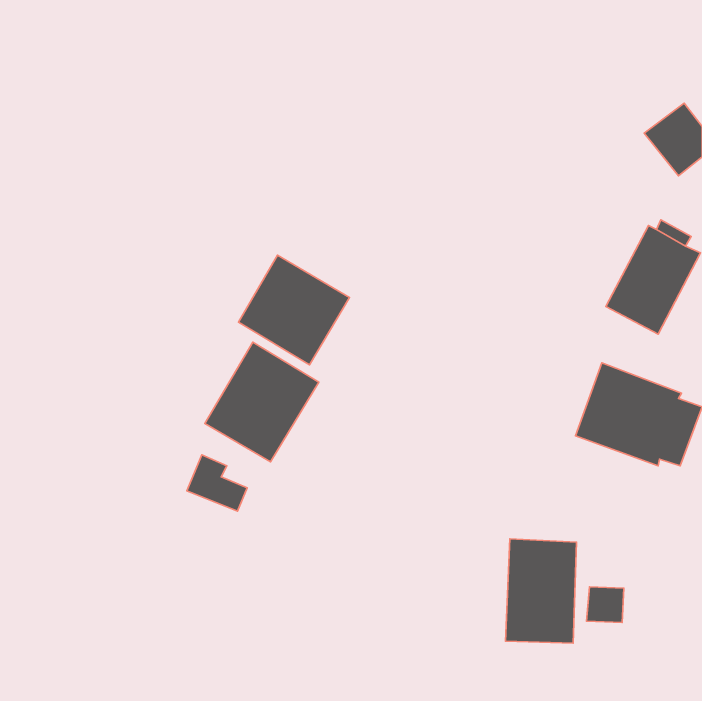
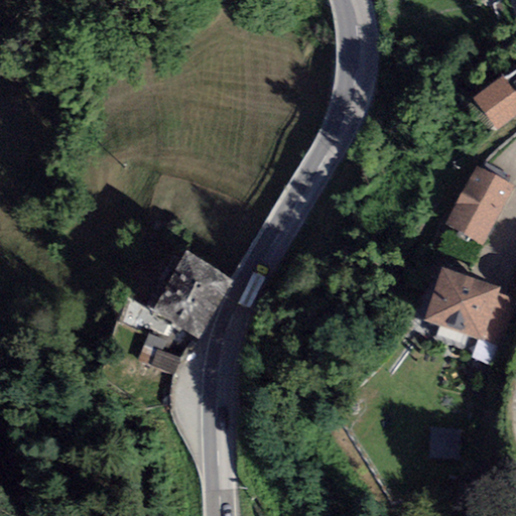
building: [239,255,350,365] -> none
building: [506,539,577,643] -> none

